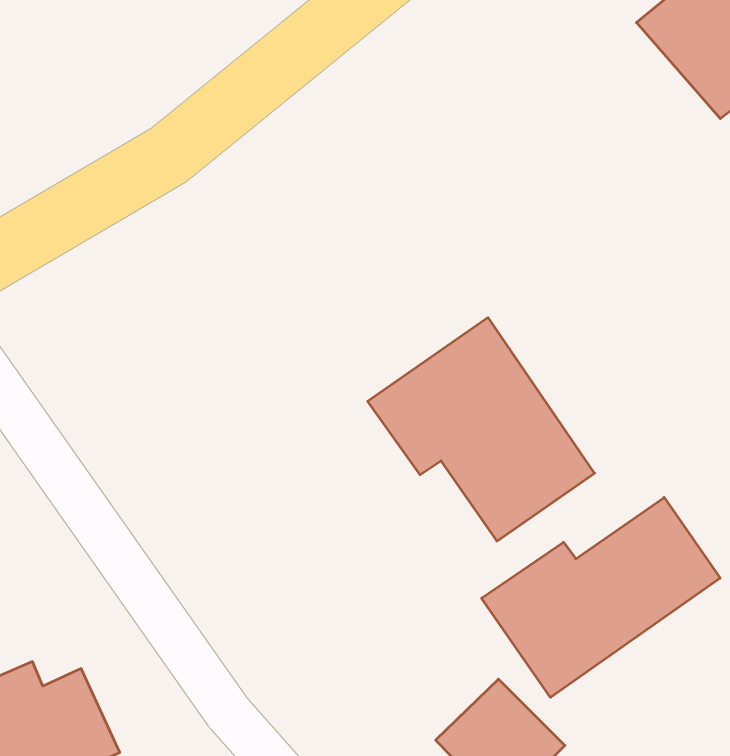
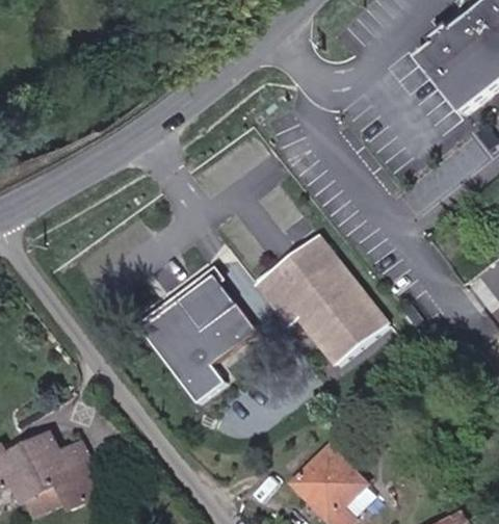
building: none -> [137,267,259,400]
building: [482,497,720,697] -> none

